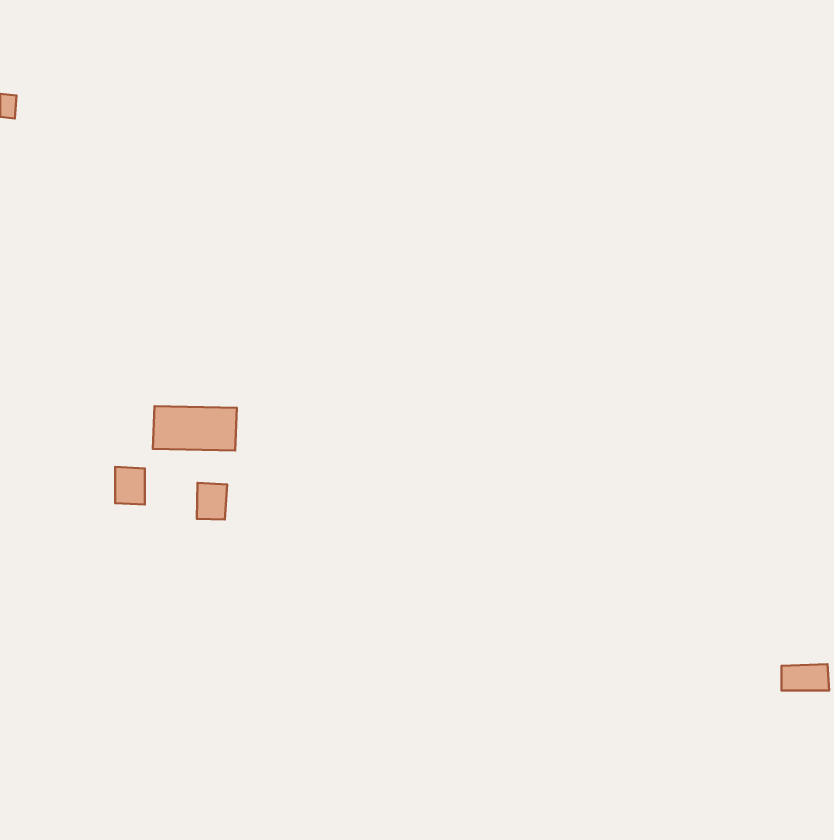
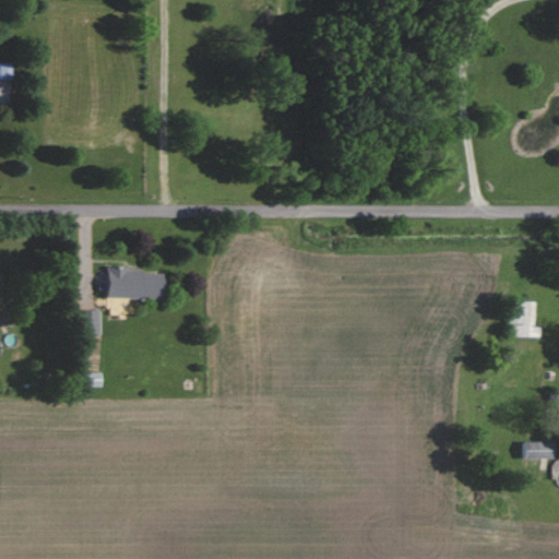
building: none -> [514,301,542,337]
building: [197,483,227,520] -> none

